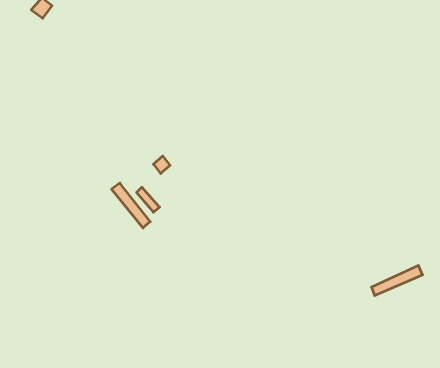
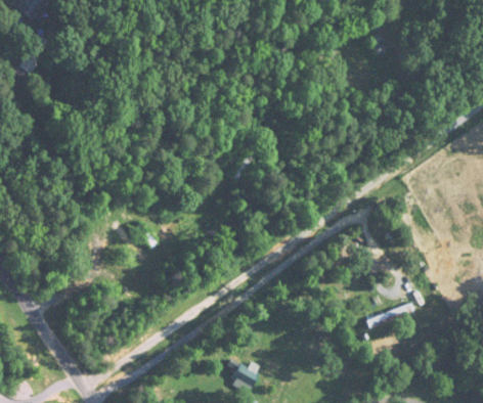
building: none -> [228,361,258,387]

